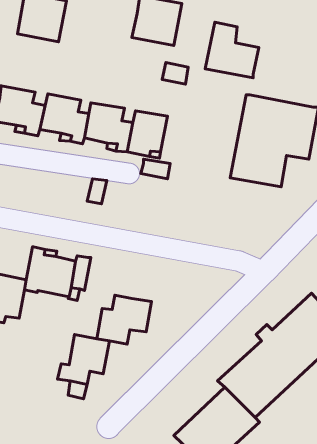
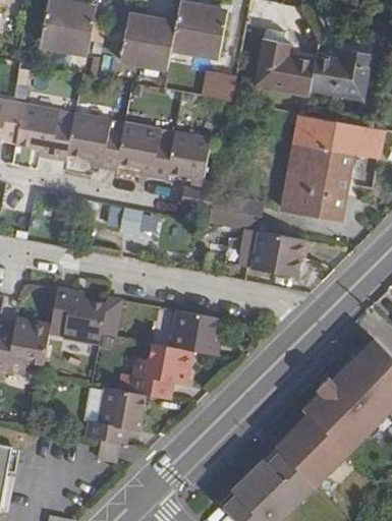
building: none -> [119,13,176,69]
building: none -> [309,51,370,99]
building: none -> [242,228,303,276]
building: none -> [170,310,220,354]

